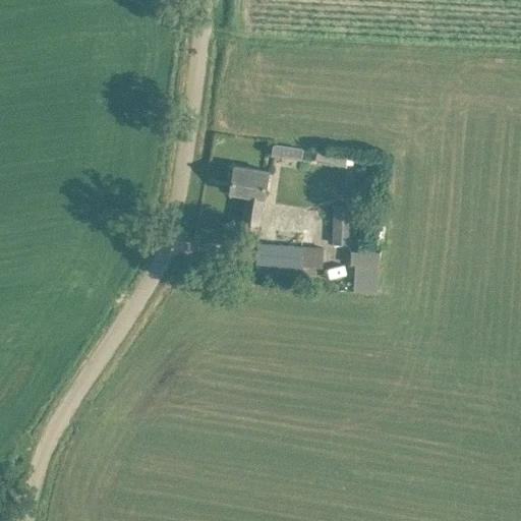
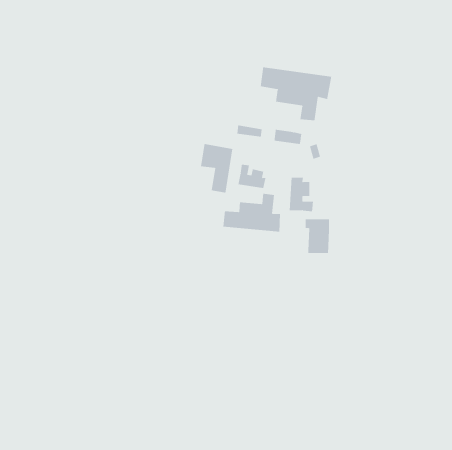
building: none -> [260,66,332,121]
building: none -> [238,164,266,189]

